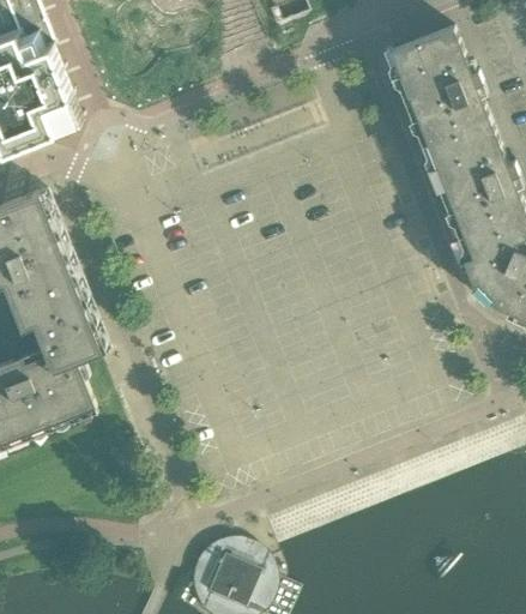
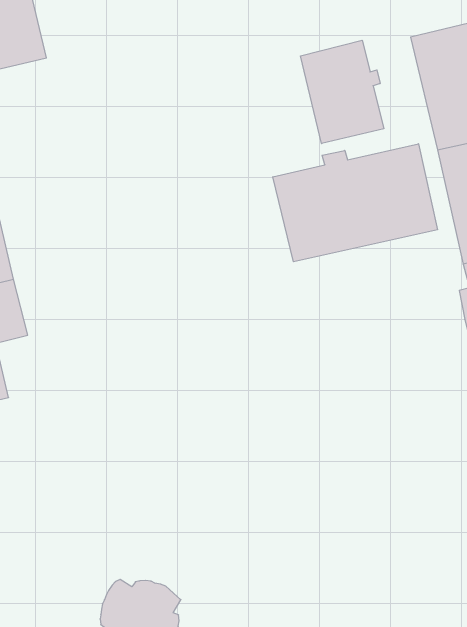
building: none -> [301,40,384,144]
building: none -> [273,144,437,262]

